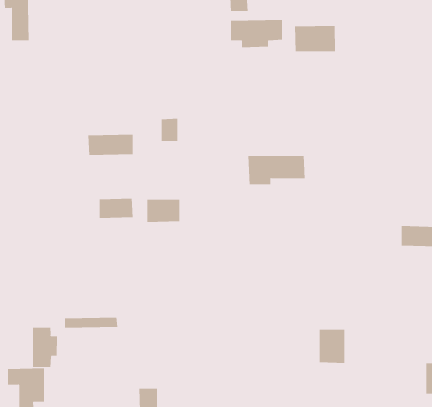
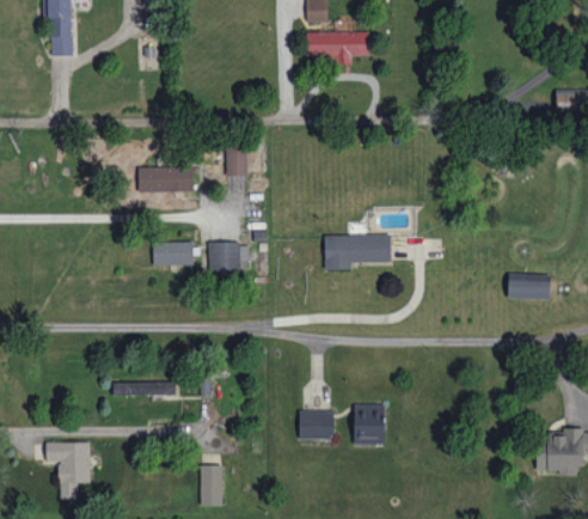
building: [295,25,336,52] -> none
building: [248,155,306,185] -> [324,234,392,269]
building: [33,327,57,368] -> none
building: [319,329,345,364] -> [354,404,385,445]
building: none -> [299,410,333,439]

